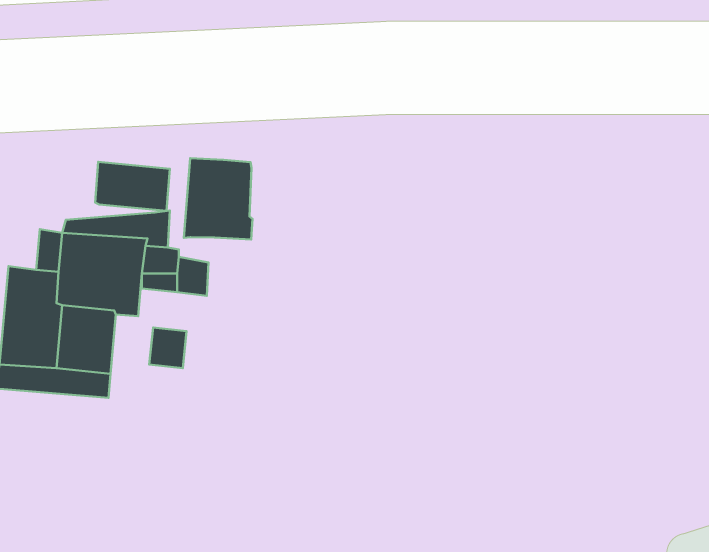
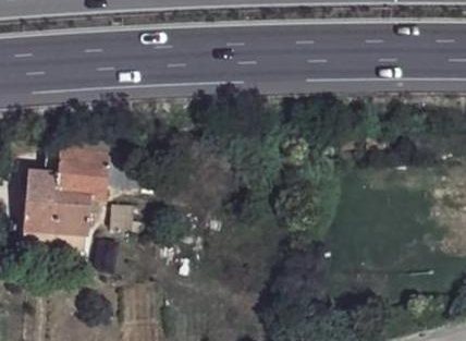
building: [184,158,252,240] -> none
building: [95,162,170,211] -> none

